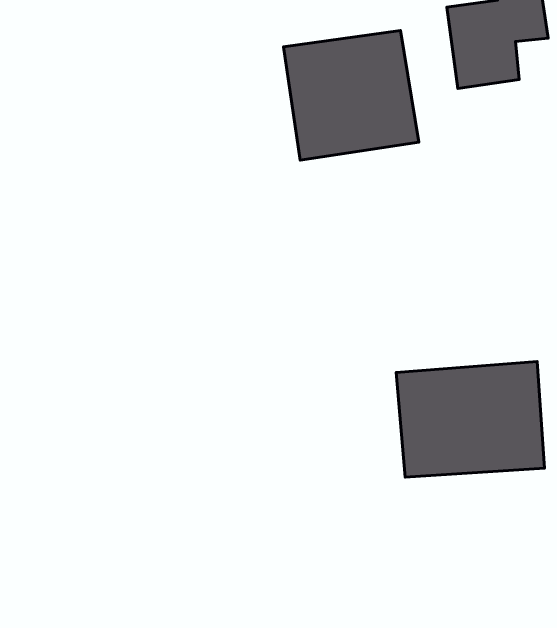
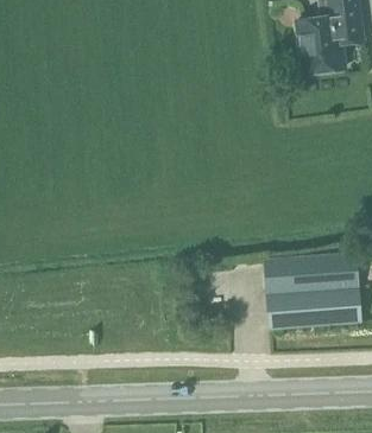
building: [284,31,419,160] -> none

